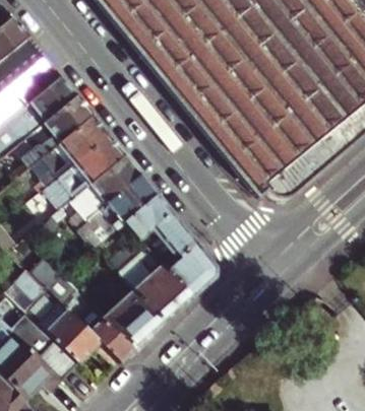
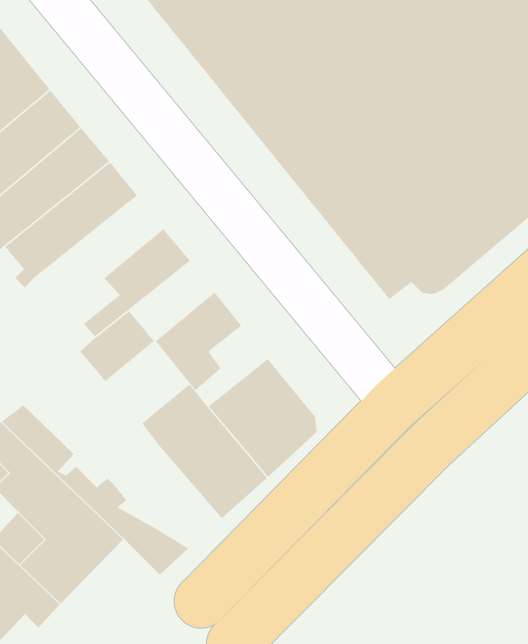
building: [47,132,124,209] -> none
building: [104,170,155,218] -> none
building: [143,209,186,257] -> none
building: [94,280,159,341] -> none

